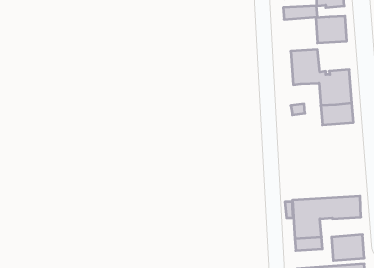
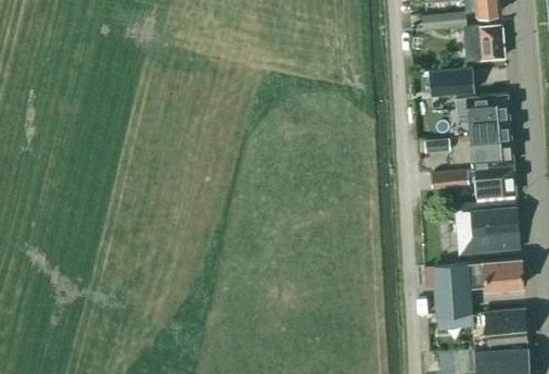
building: none -> [431,167,516,199]
building: none -> [455,201,521,255]

